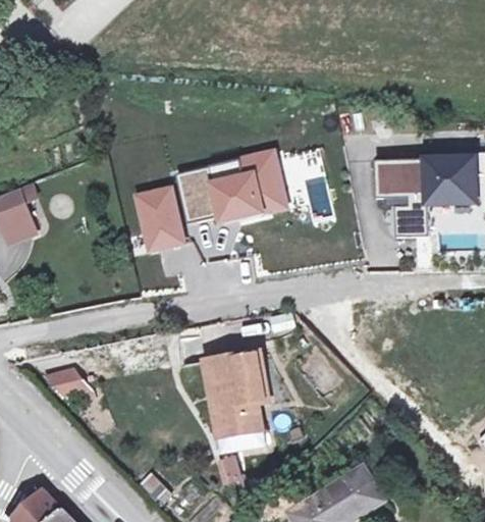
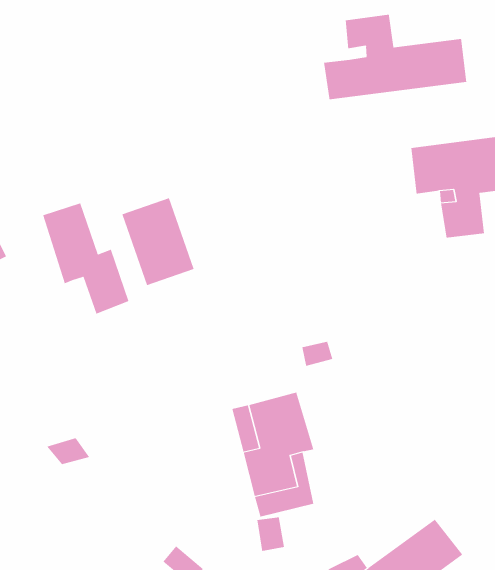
building: none -> [323,14,467,100]
building: [175,150,290,226] -> none
building: none -> [43,202,129,314]

